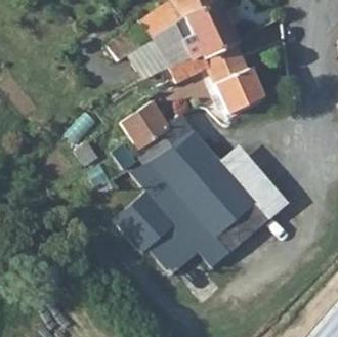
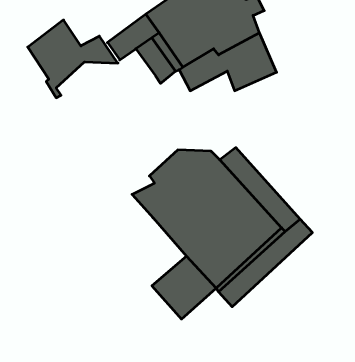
building: [214,71,259,114] -> none
building: [120,100,195,165] -> [28,20,118,98]
building: [114,192,174,251] -> none

